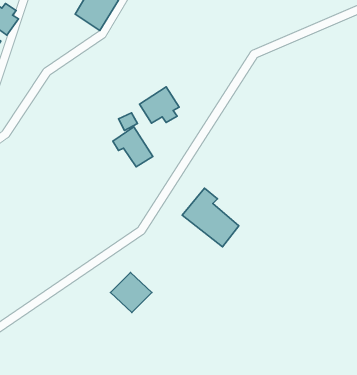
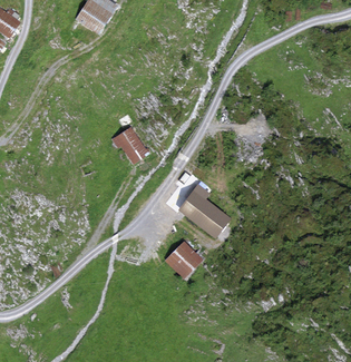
building: [140,87,179,123] -> none
building: [110,272,152,312] -> [165,241,204,278]

